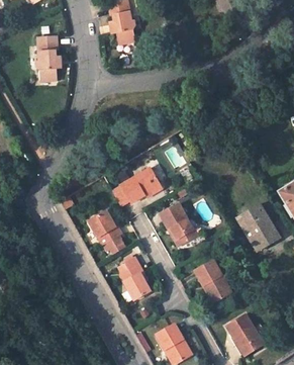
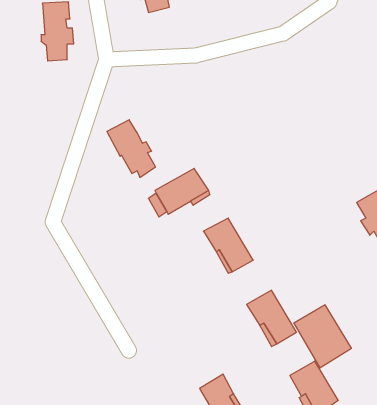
building: [235,202,280,251] -> [294,305,351,368]
building: [90,210,127,255] -> [107,120,155,177]
building: [122,260,152,301] -> none

